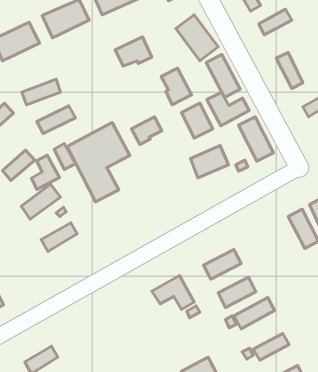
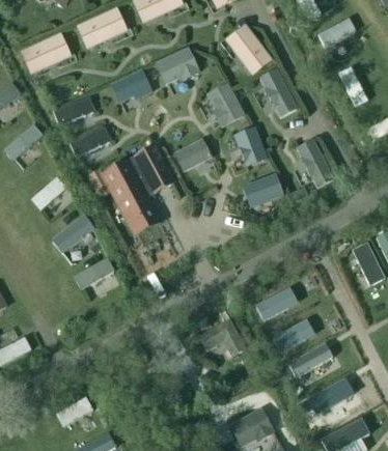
building: none -> [111,69,148,101]
building: [207,93,249,126] -> none
building: [31,155,59,190] -> none

